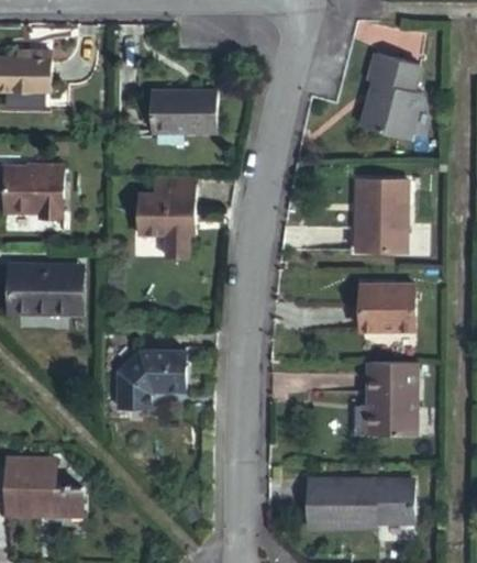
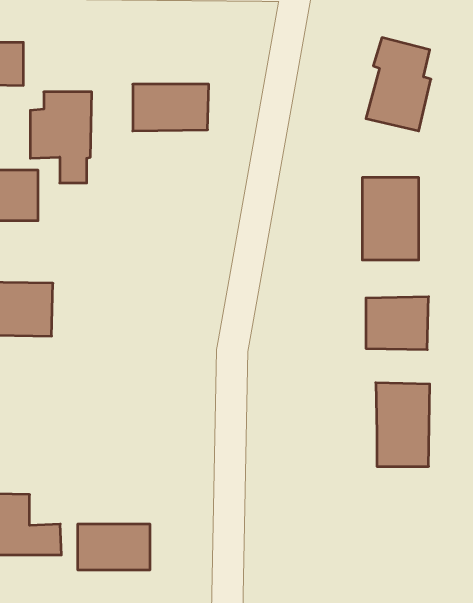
building: [140,177,195,258] -> [30,92,92,183]
building: [120,354,184,410] -> none
building: [306,476,413,525] -> none
building: none -> [78,524,150,570]

